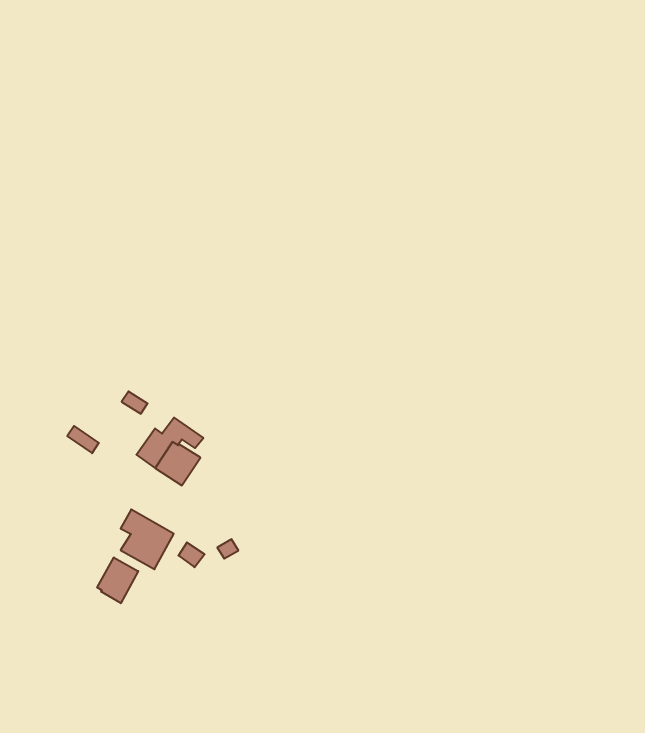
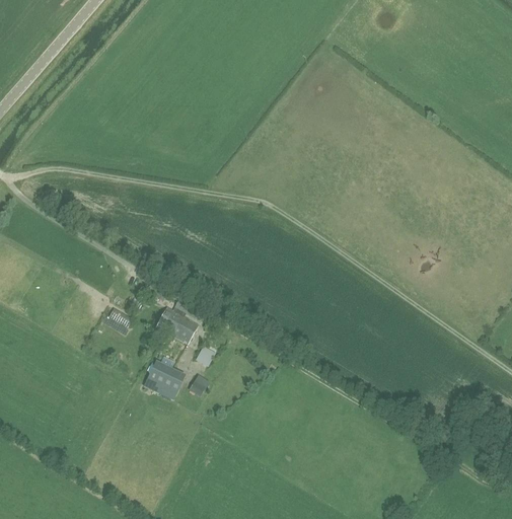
building: [97,557,138,603] -> none

